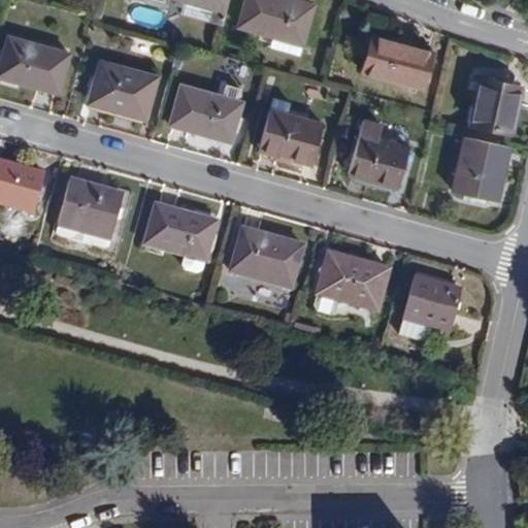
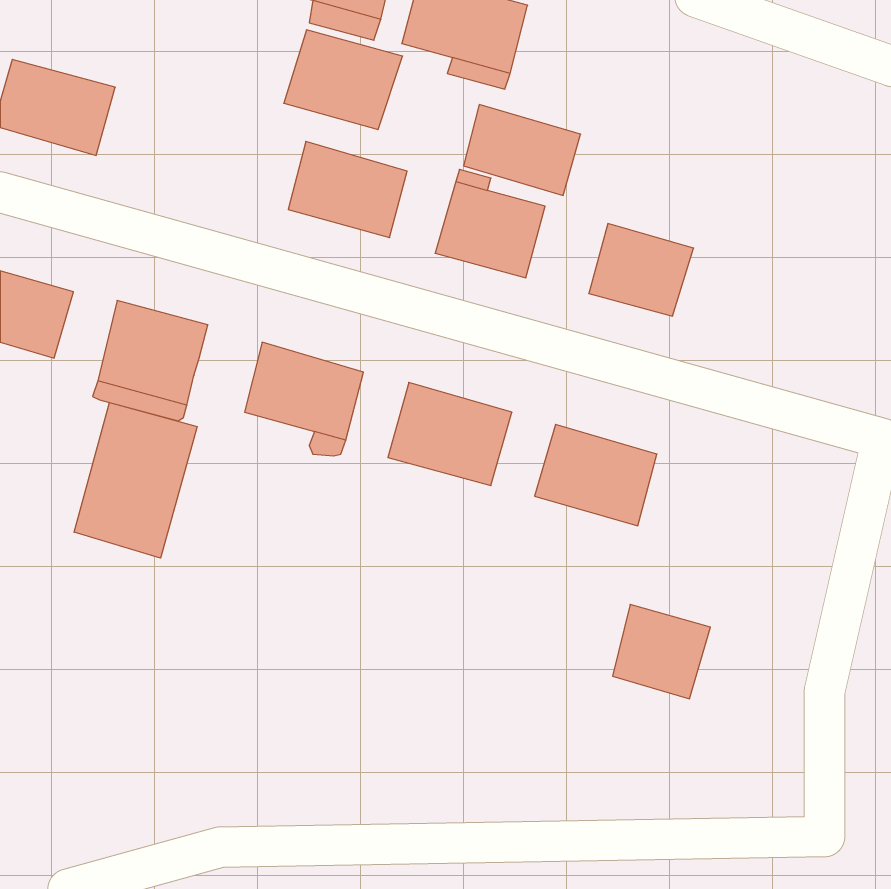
building: [363,34,432,88] -> [464,105,581,195]
building: [89,60,159,119] -> [284,30,403,130]
building: [471,76,521,132] -> none
building: [453,135,508,199] -> none
building: none -> [74,403,197,558]
building: [404,275,462,331] -> [613,604,710,699]

